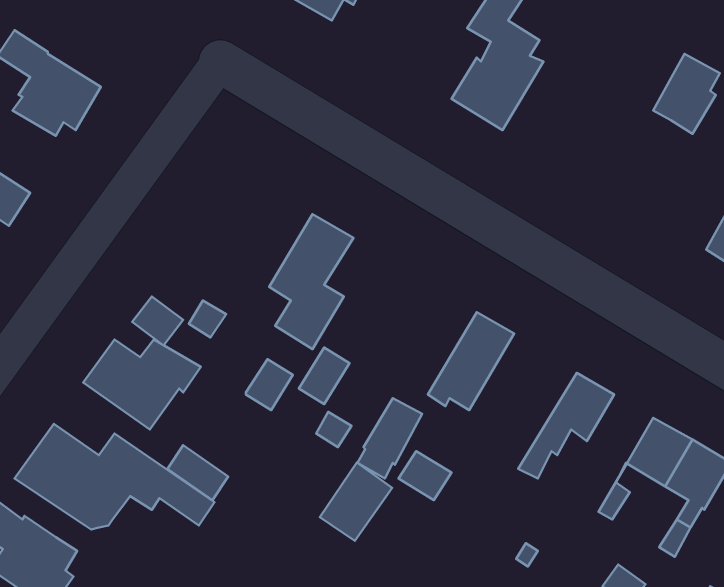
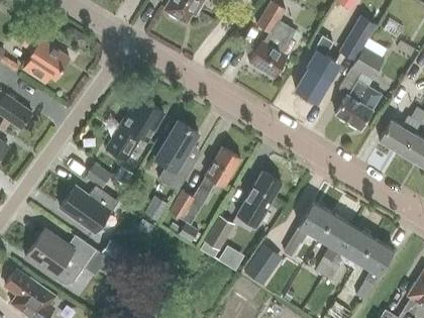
building: none -> [337,16,376,63]
building: none -> [295,35,338,104]
building: none -> [335,74,381,129]
building: none -> [106,100,163,162]
building: none -> [196,148,239,196]
building: none -> [315,215,352,276]
building: [320,462,392,541] -> [243,245,281,286]

